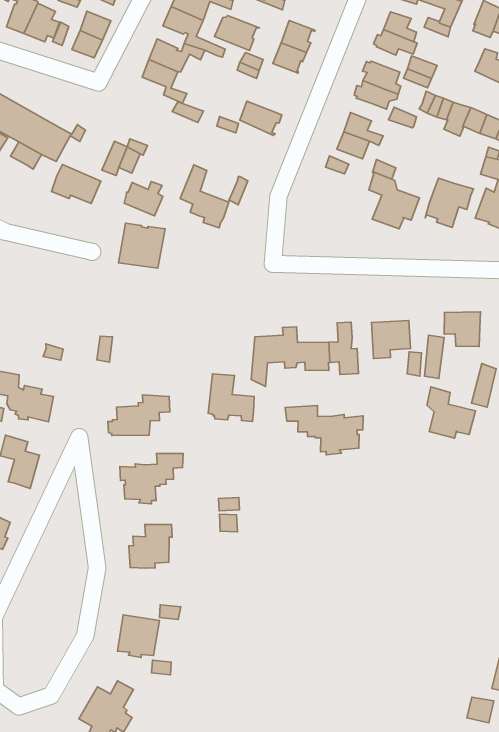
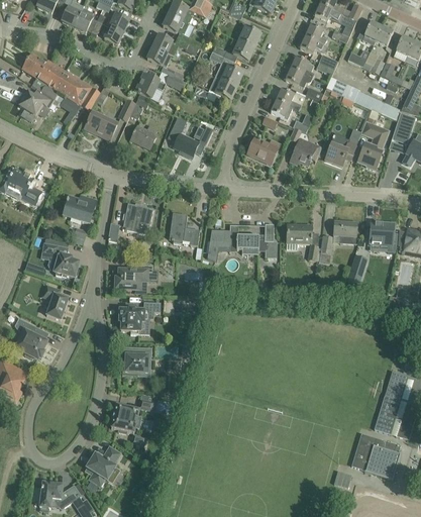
building: [214,16,259,50] -> [214,64,243,87]
building: none -> [135,73,166,97]
building: none -> [247,136,280,164]
building: [118,223,165,268] -> [122,203,153,233]
building: none -> [64,195,95,222]
building: [208,374,254,422] -> [169,212,199,244]
building: [427,387,476,438] -> none
building: [285,406,363,455] -> none

